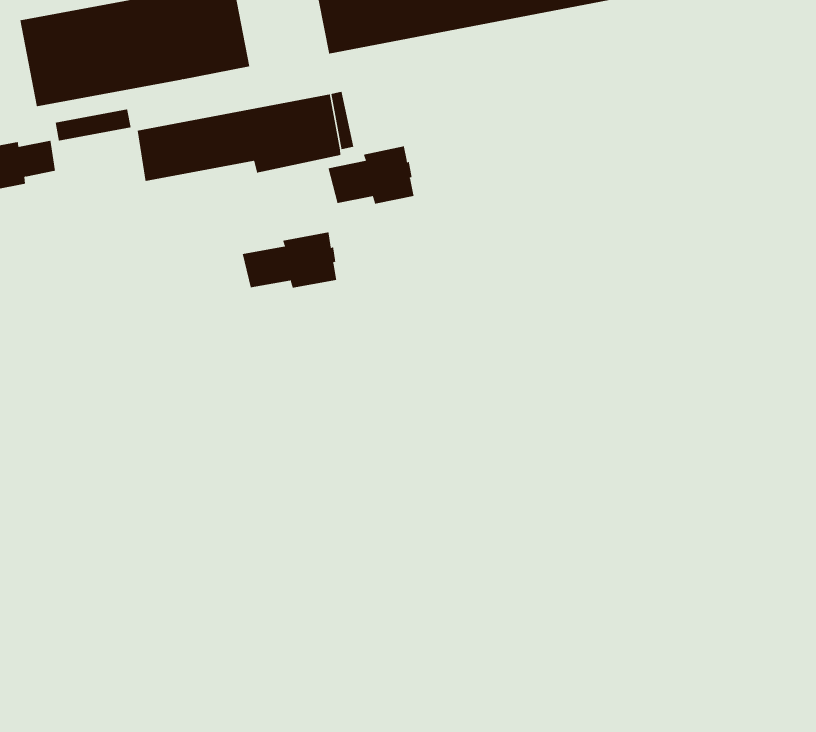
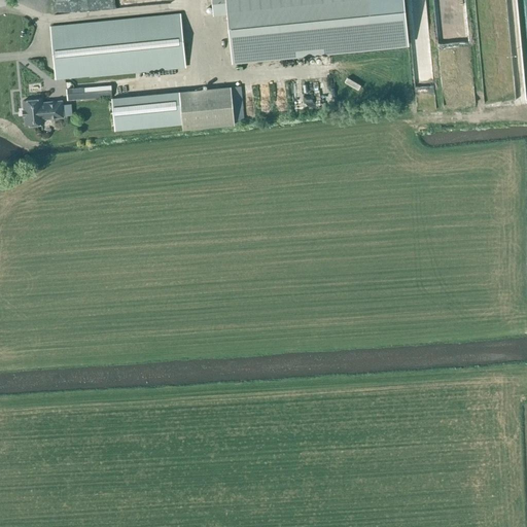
building: [328,145,414,205] -> none
building: [242,231,337,289] -> none

